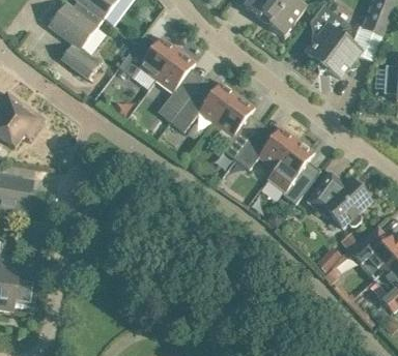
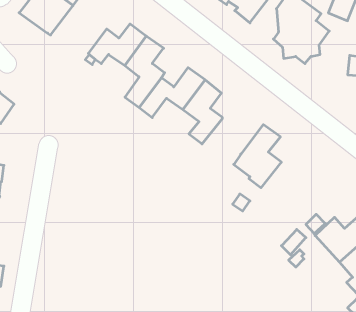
building: [61,44,99,78] -> none
building: [234,125,296,169] -> none
building: [306,170,370,227] -> none

